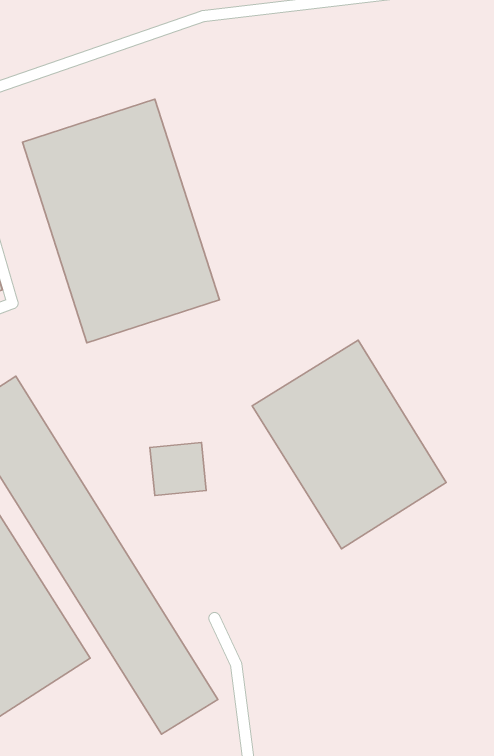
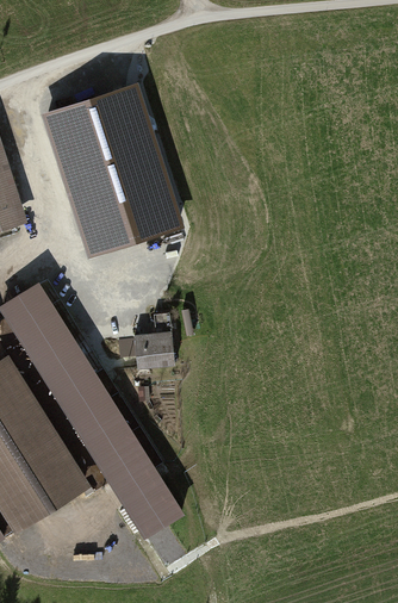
building: [252,340,446,549] -> none

